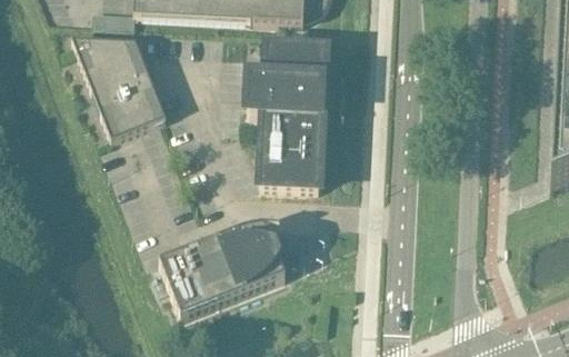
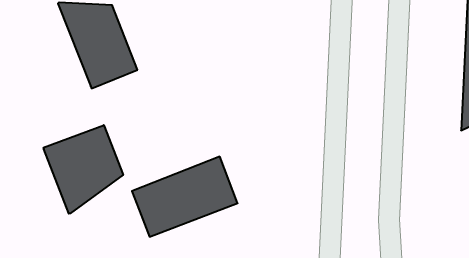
building: [251,44,329,186] -> none
building: none -> [44,125,123,214]

